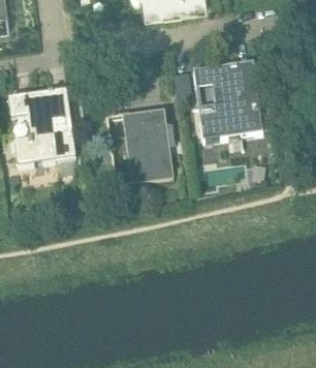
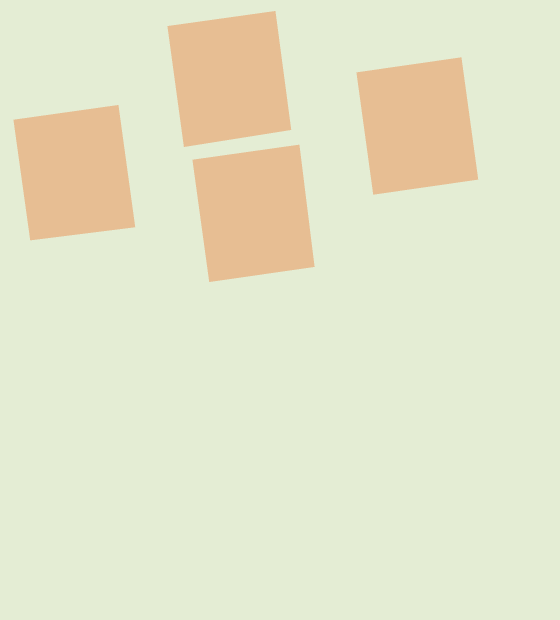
building: none -> [166,10,292,148]

